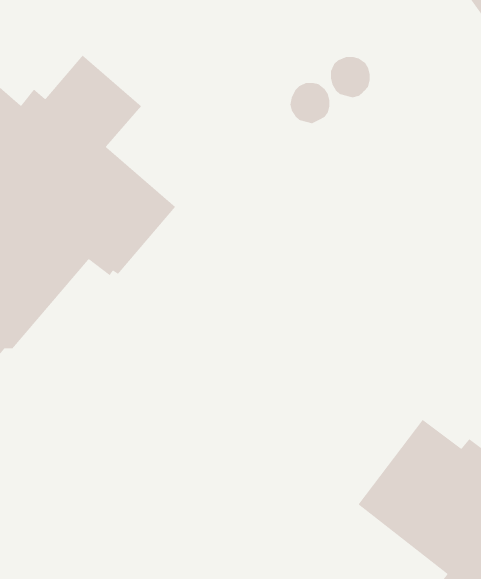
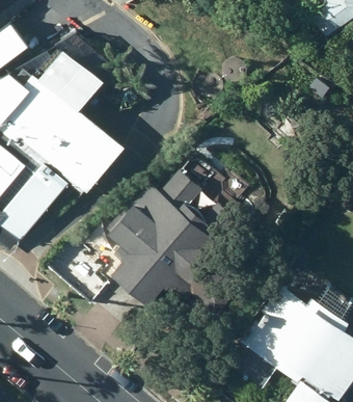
building: none -> [108,171,229,305]

